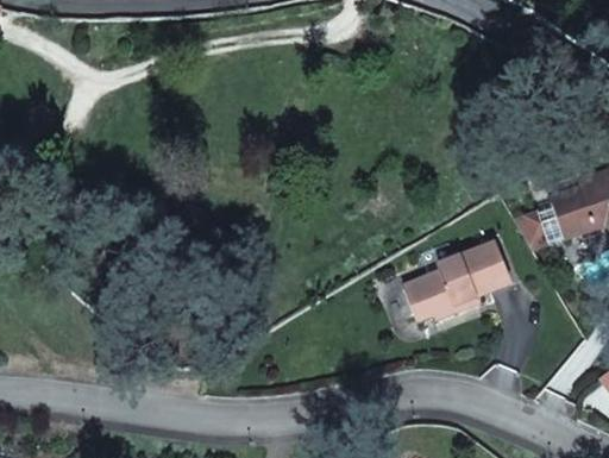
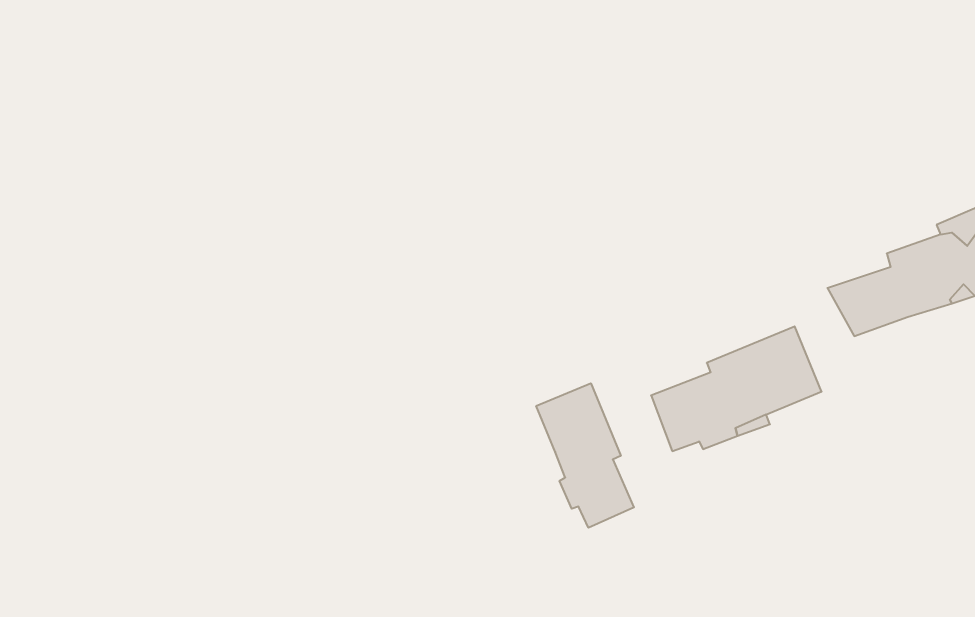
building: none -> [536,383,634,528]

